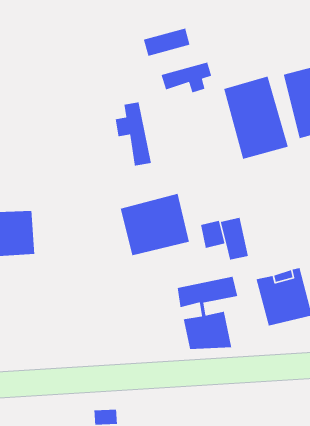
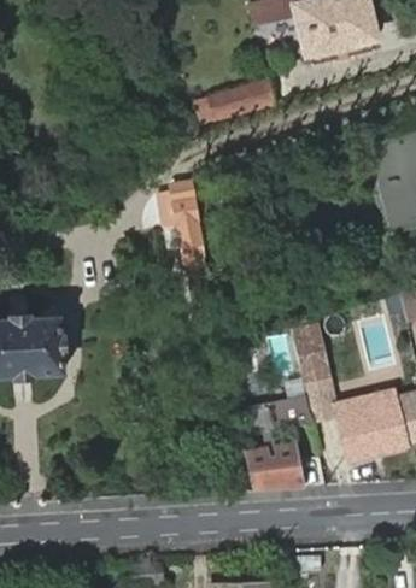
building: [161,62,212,94] -> none
building: [223,76,289,160] -> none
building: [120,193,190,256] -> none

